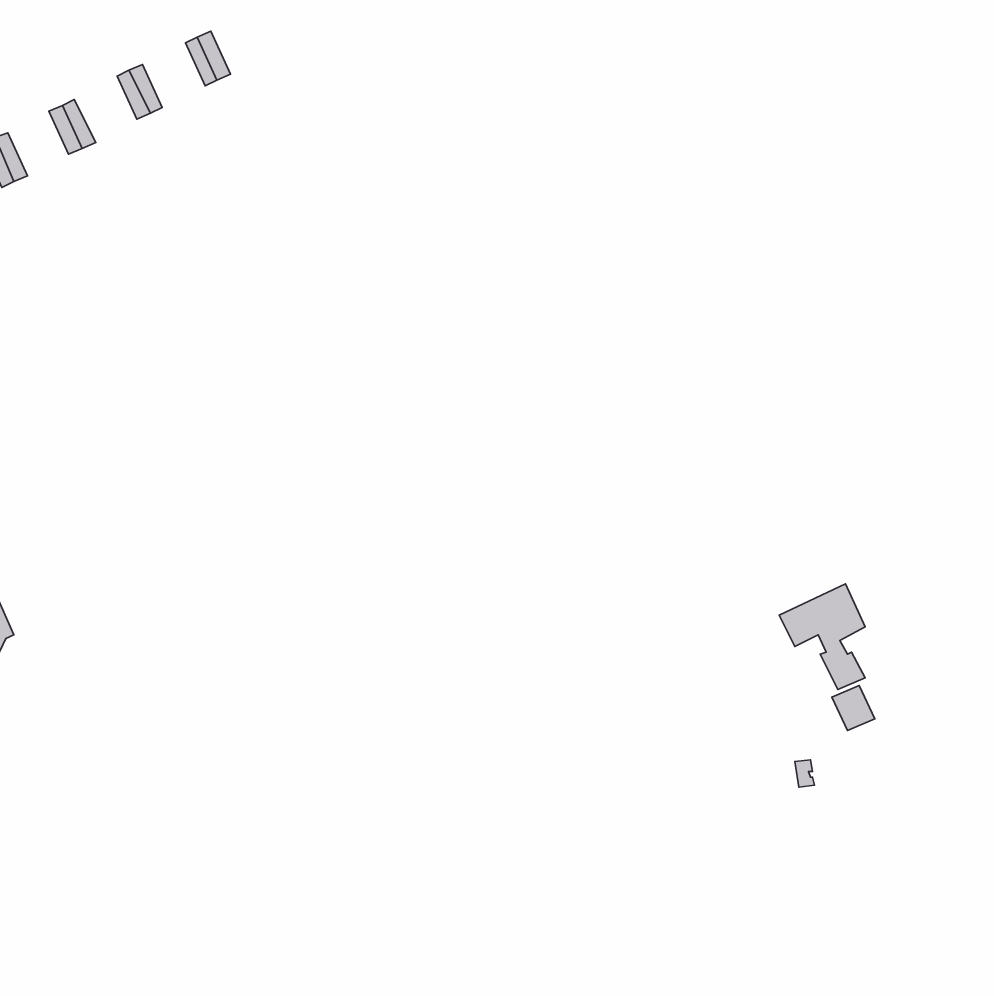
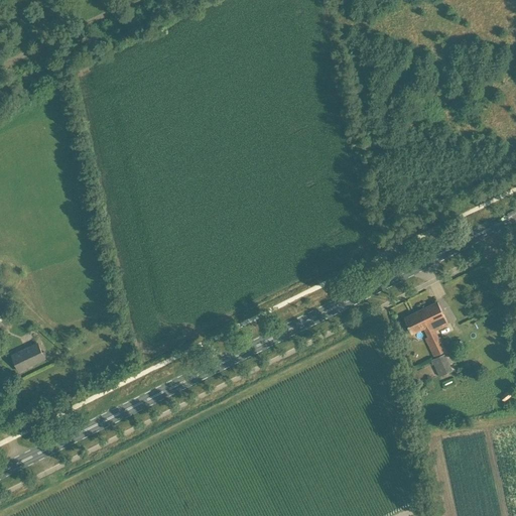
building: none -> [9,344,42,372]

